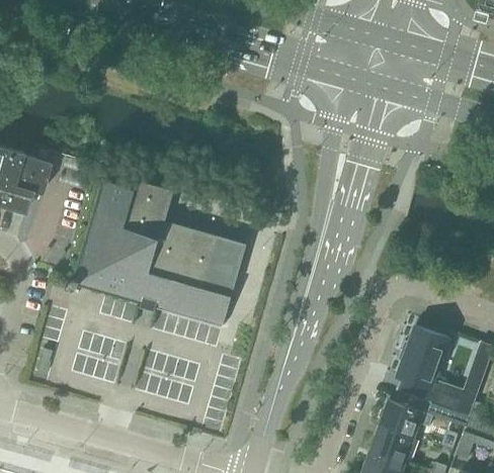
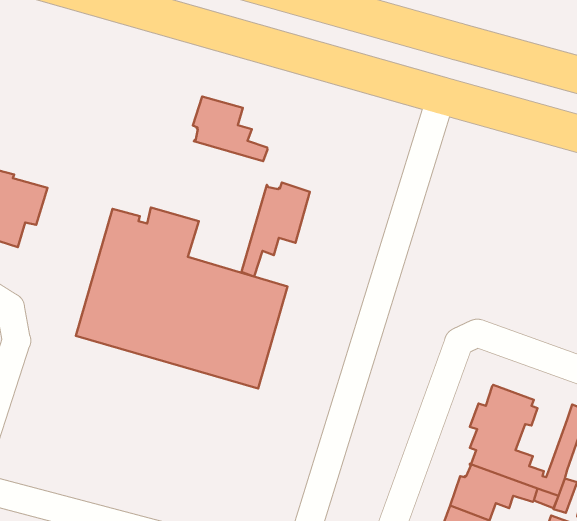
building: none -> [193,97,267,161]
building: none -> [241,183,310,276]

